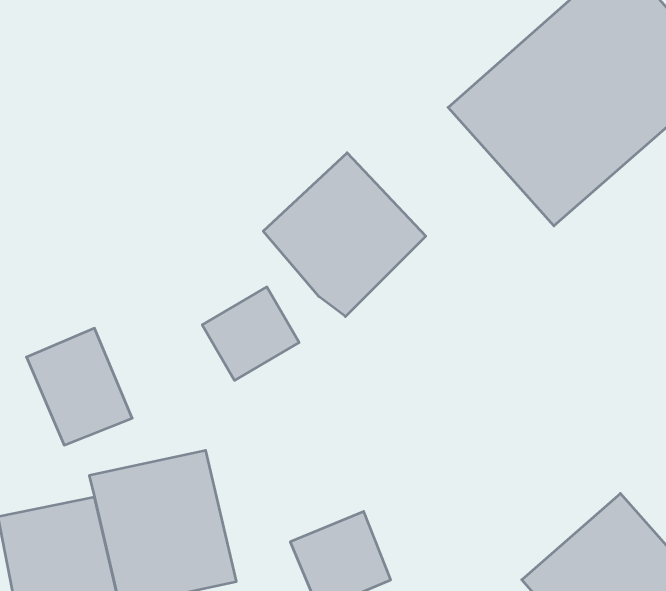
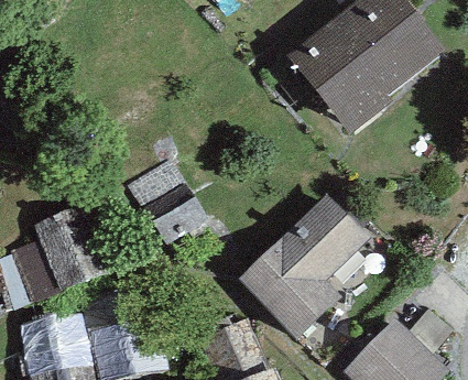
building: [263,153,426,317] -> none
building: none -> [228,186,371,348]

